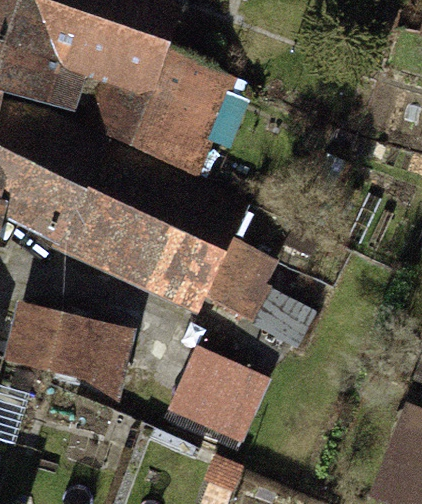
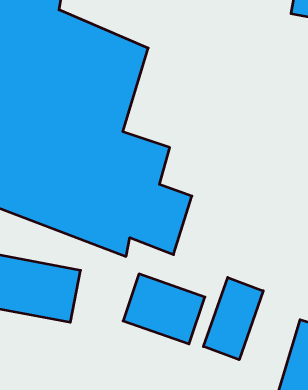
building: none -> [203,277,263,360]

